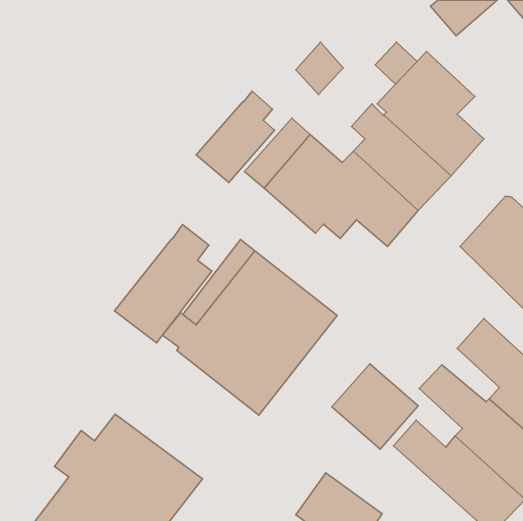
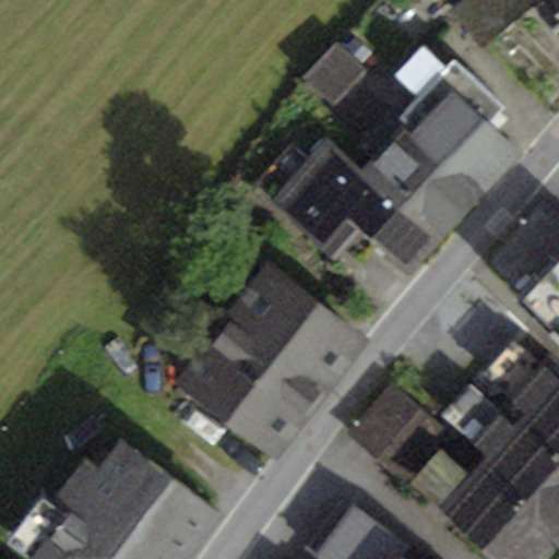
building: [196,91,274,183] -> none
building: [115,225,212,343] -> none

